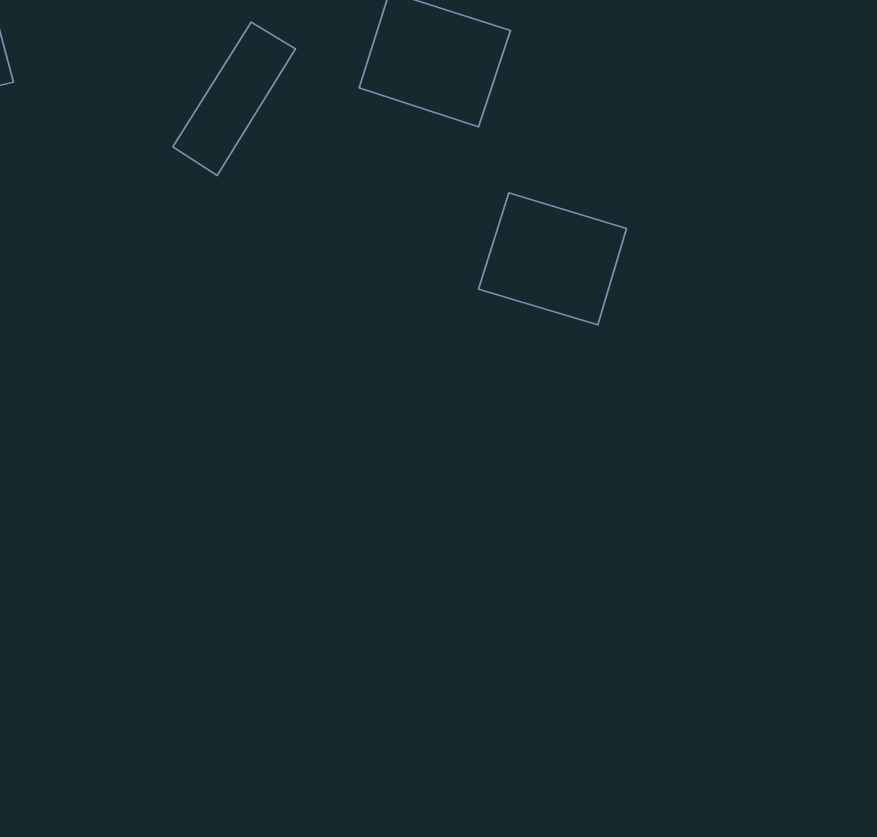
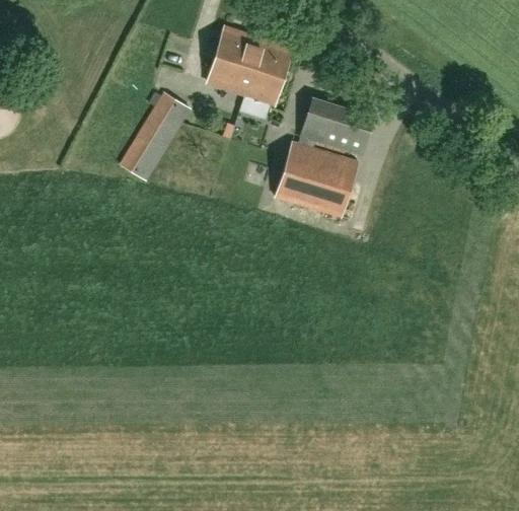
building: [173,22,296,175] -> [120,93,190,180]
building: none -> [300,96,374,154]

